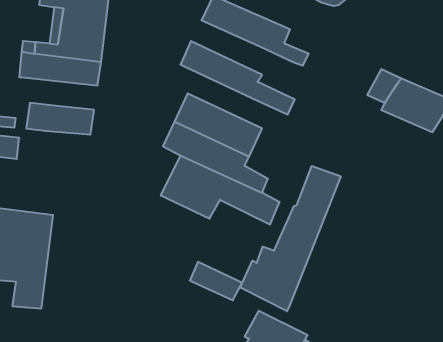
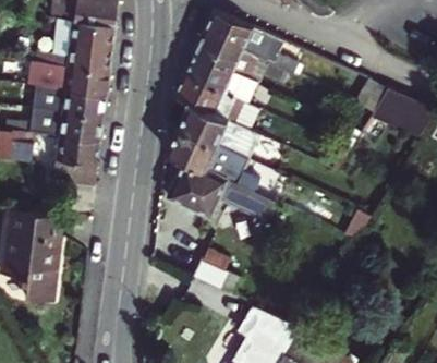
building: none -> [192,33,288,84]
building: none -> [173,74,279,141]
building: none -> [33,86,105,117]
building: none -> [51,136,98,186]
building: [240,166,341,311] -> none

